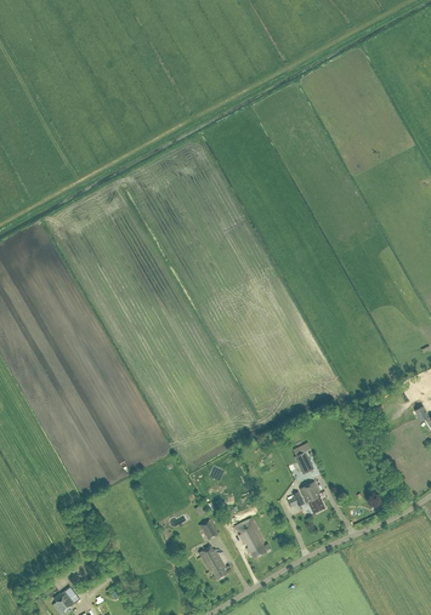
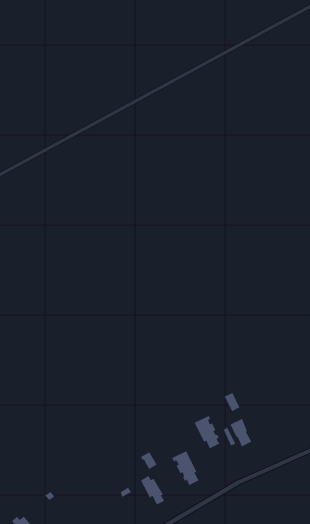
building: none -> [194,415,220,449]

